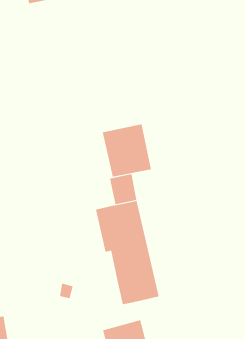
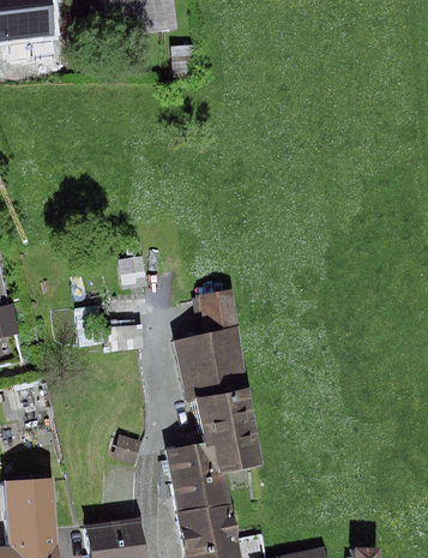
building: [102,124,151,177] -> none
building: none -> [165,439,234,510]

